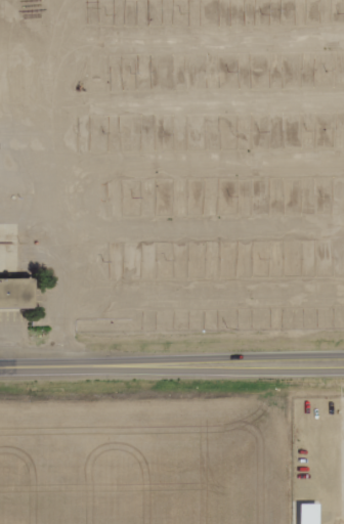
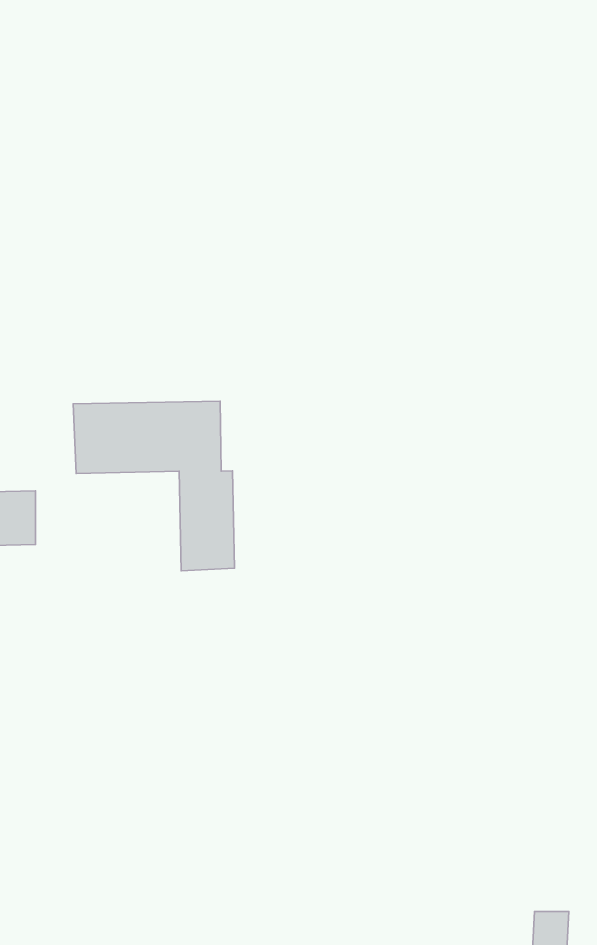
building: none -> [73,401,235,571]

